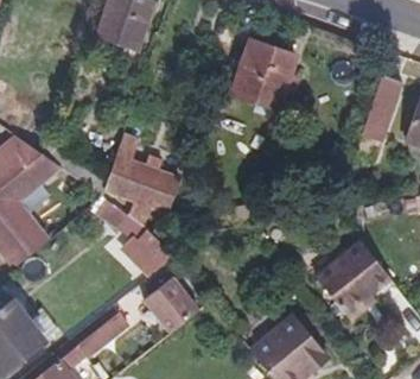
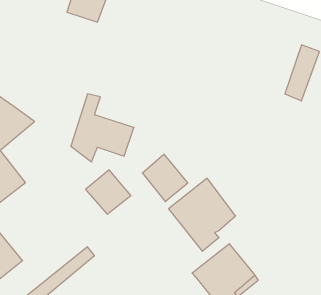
building: [234,40,297,115] -> none
building: [312,240,393,328] -> [169,178,236,251]
building: [142,272,197,329] -> [142,154,188,202]

